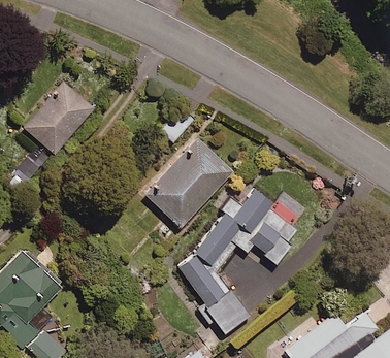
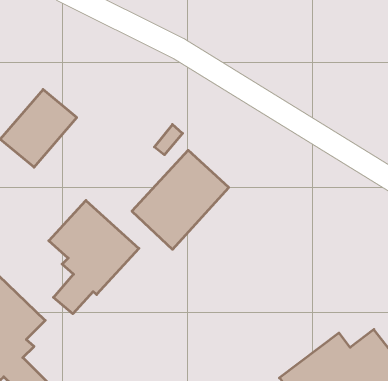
building: none -> [49,200,139,314]
building: [178,189,297,337] -> none

